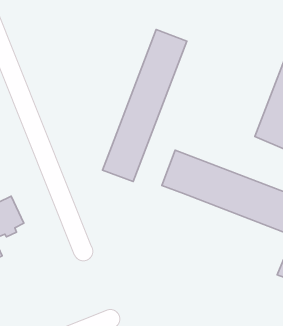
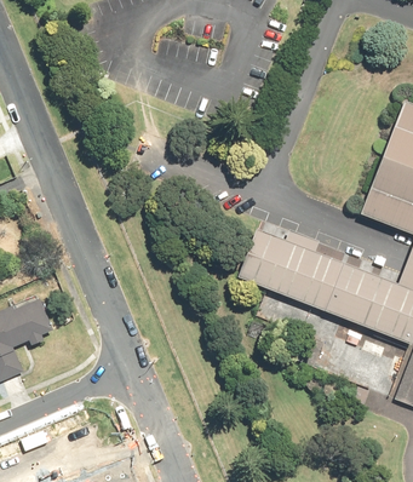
building: [103,30,187,182] -> none

